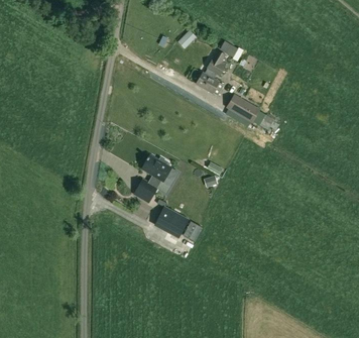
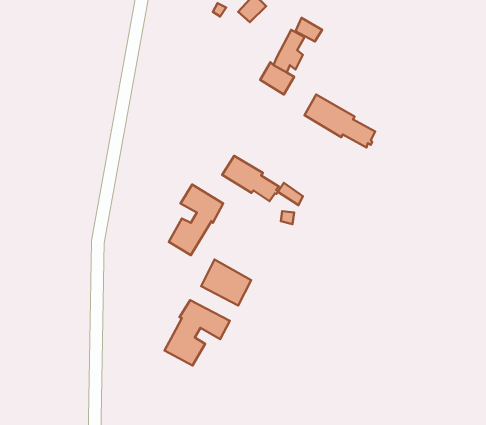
building: none -> [222,156,279,201]
building: none -> [165,300,230,365]

